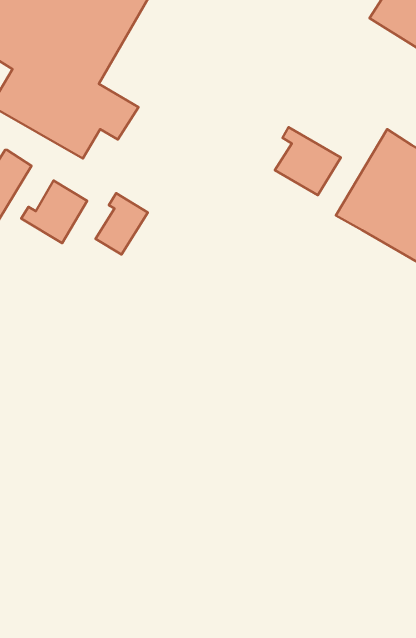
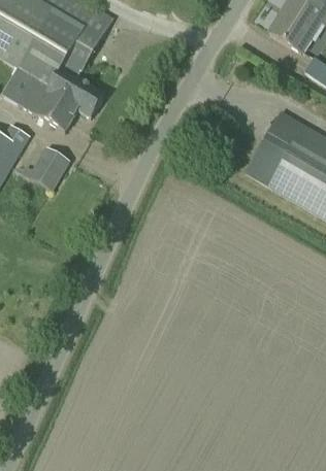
building: [275,127,341,195] -> none
building: [95,193,148,255] -> none

